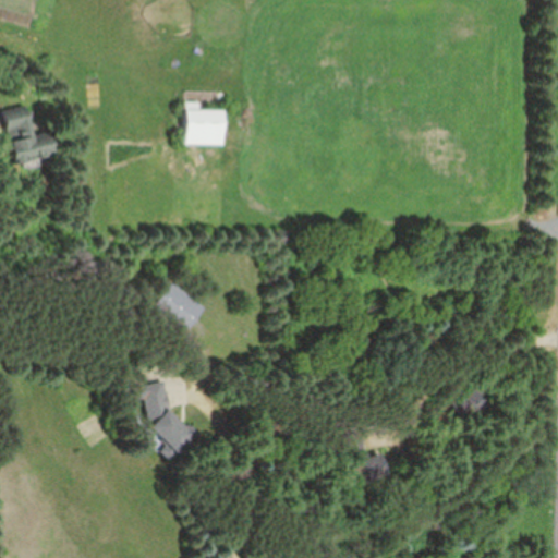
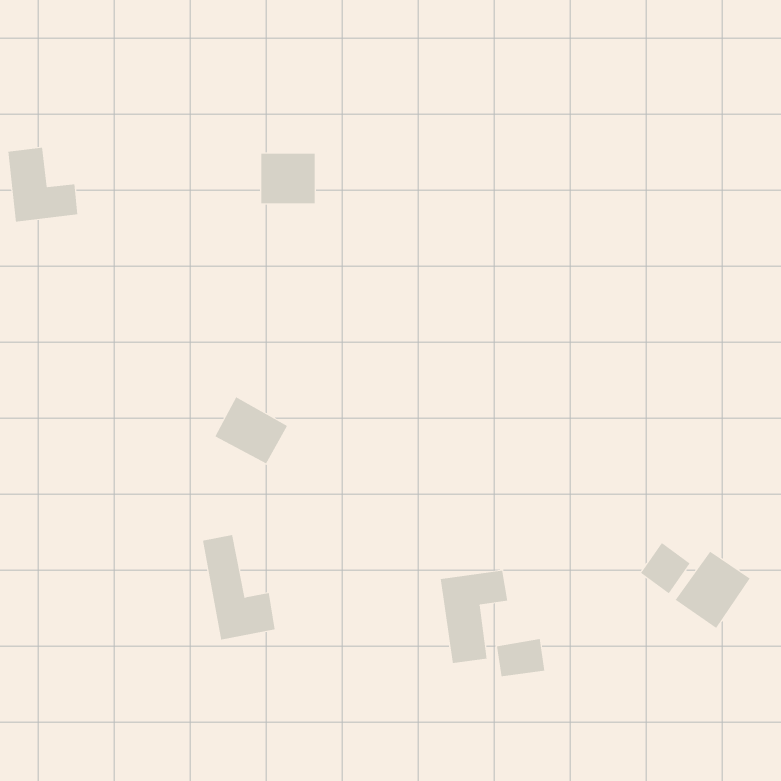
building: none -> [675,551,750,629]
building: none -> [440,570,508,664]

